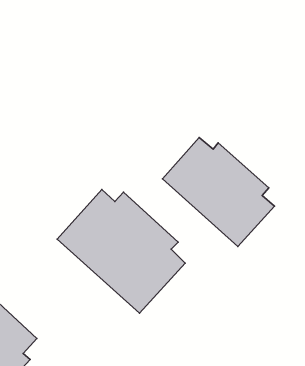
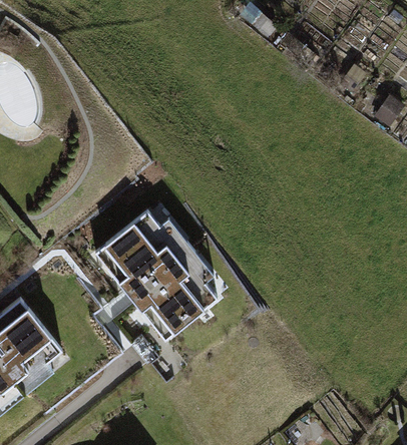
building: [163,137,274,247] -> none

